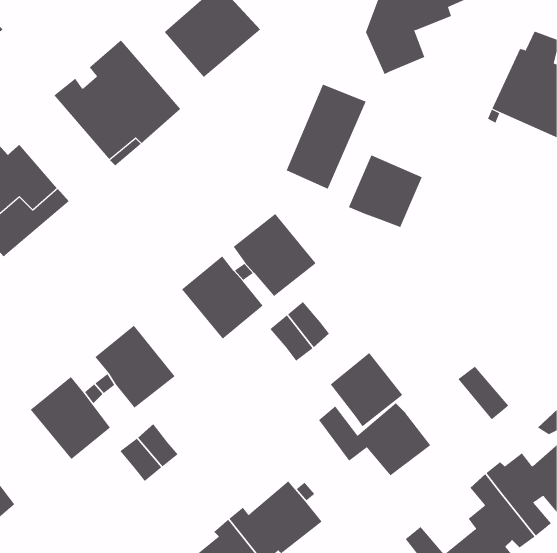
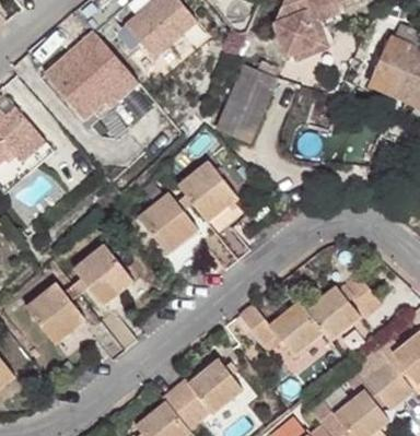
building: [348,155,422,228] -> none
building: [330,352,403,427] -> [305,285,360,341]

